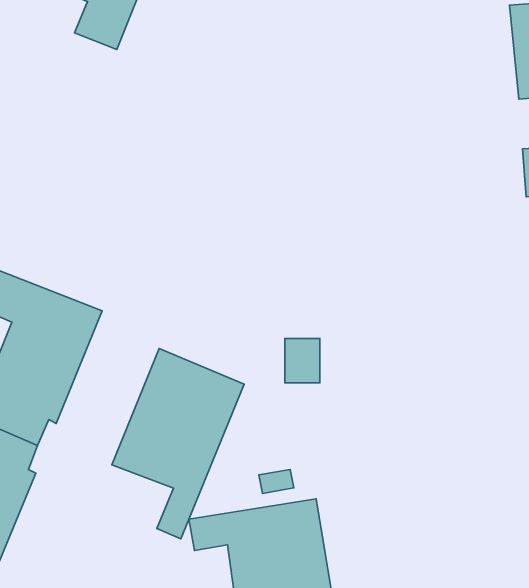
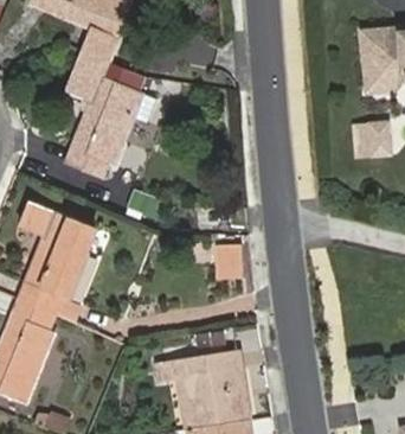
building: none -> [63,50,144,178]
building: [112,348,244,539] -> none

